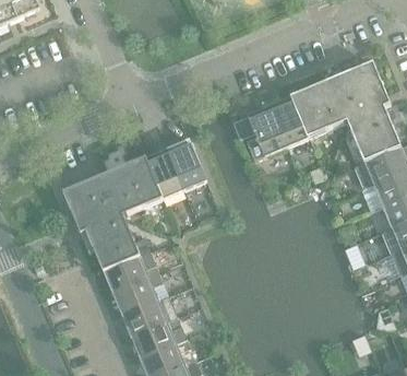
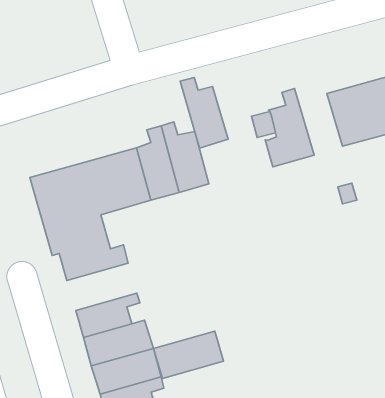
building: [264,89,308,144] -> [180,77,228,148]
building: [101,248,158,291] -> [154,331,224,378]

